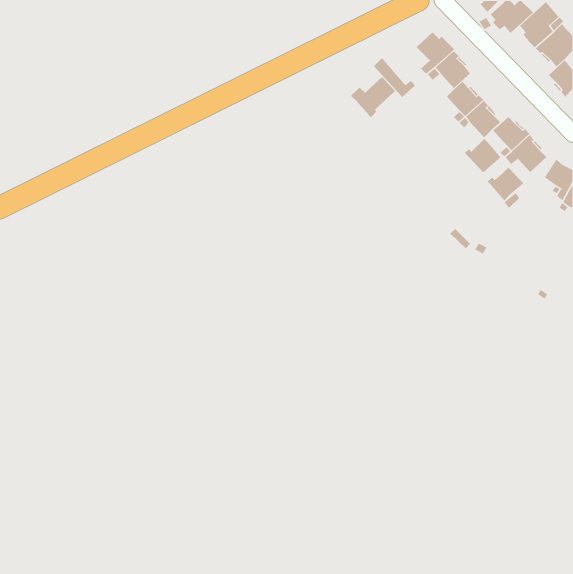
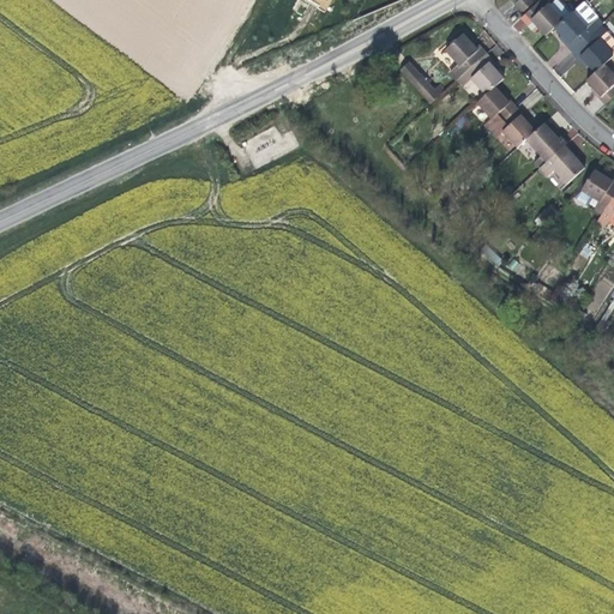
building: [350,76,396,118] -> none
building: [464,138,501,173] -> none
building: [487,167,524,201] -> none

